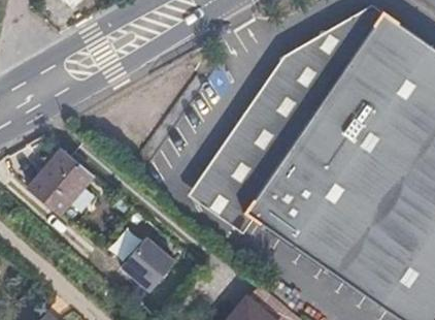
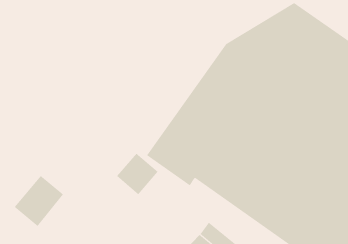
building: [33,149,95,213] -> [14,175,64,227]
building: [126,238,178,291] -> [116,153,158,195]

